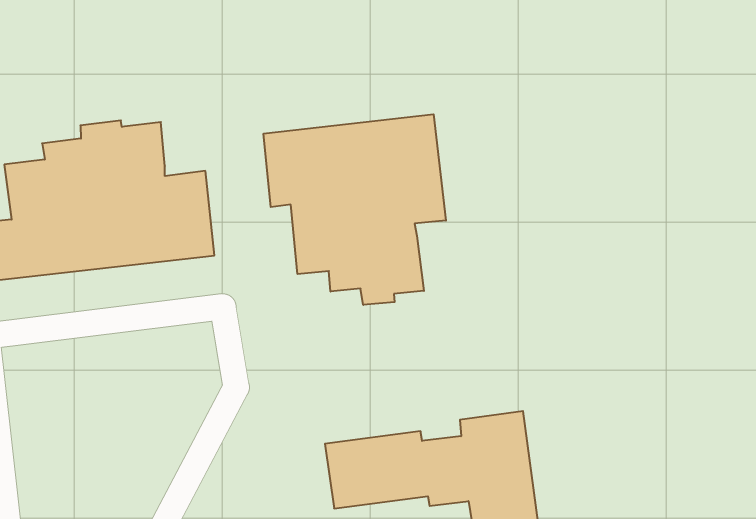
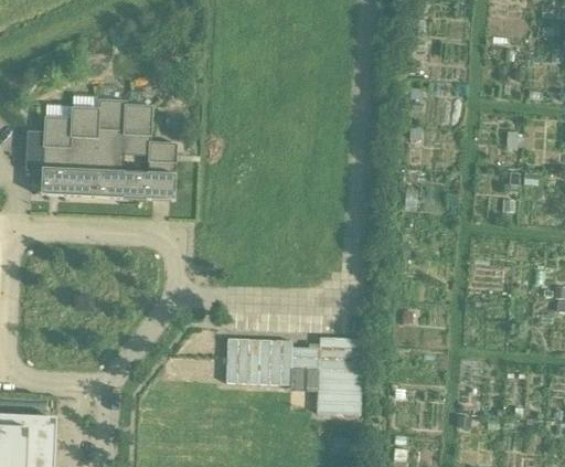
building: [264,114,446,305] -> none

